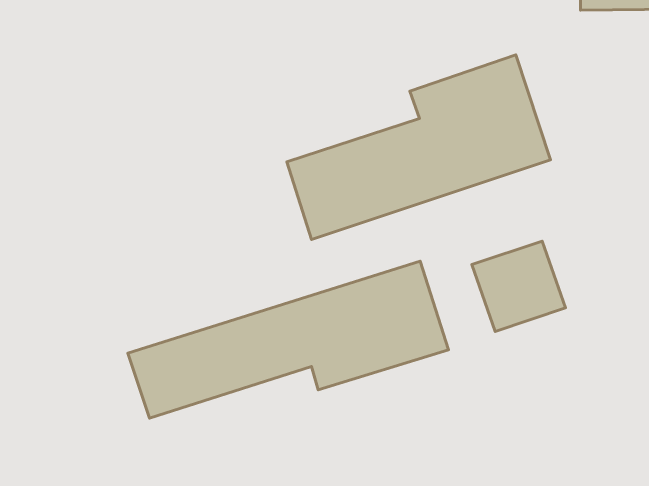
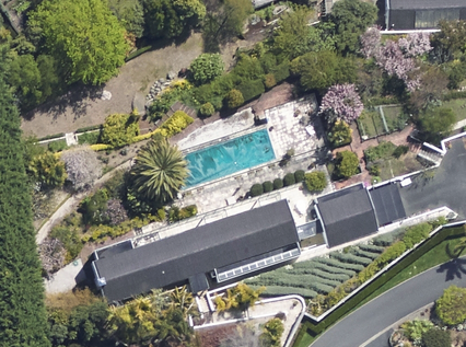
building: [287,55,550,240] -> none

